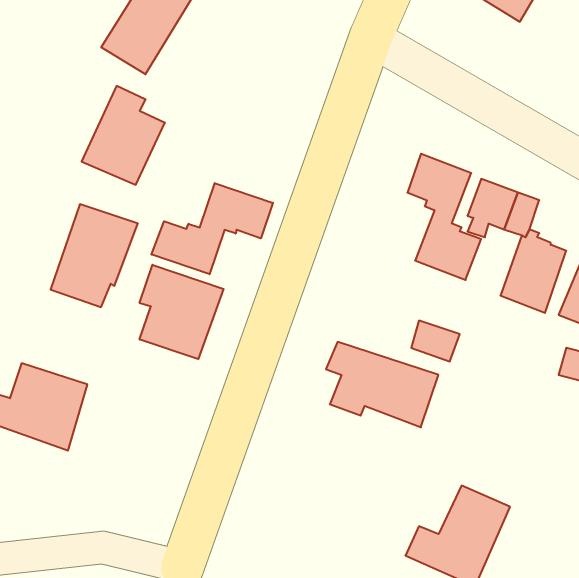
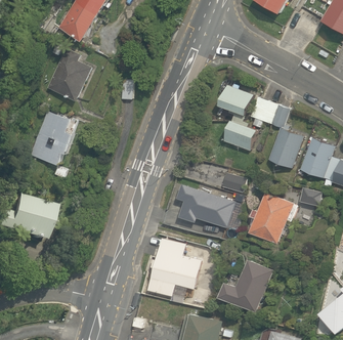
building: [151,183,273,274] -> none
building: [140,265,224,359] -> none
building: none -> [251,192,296,244]
building: none -> [149,238,204,298]

